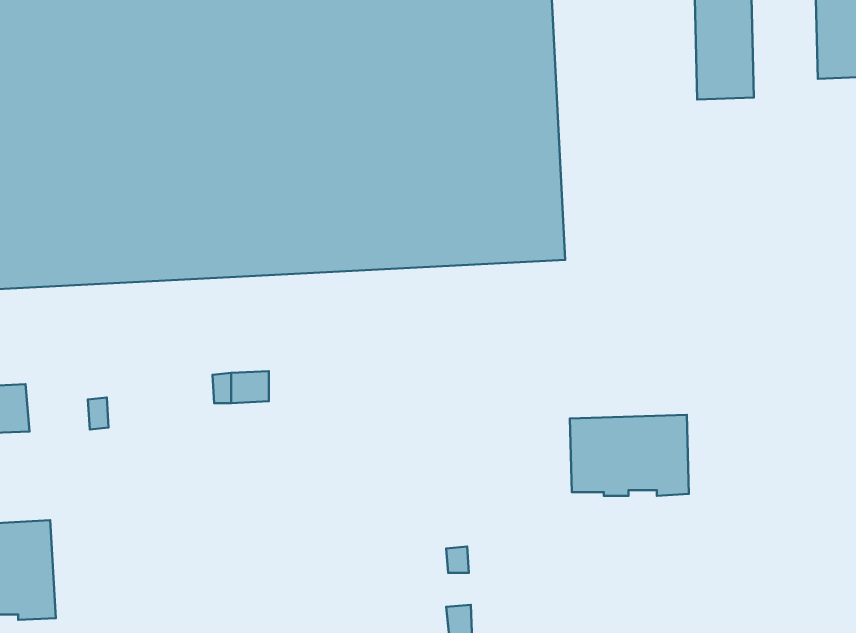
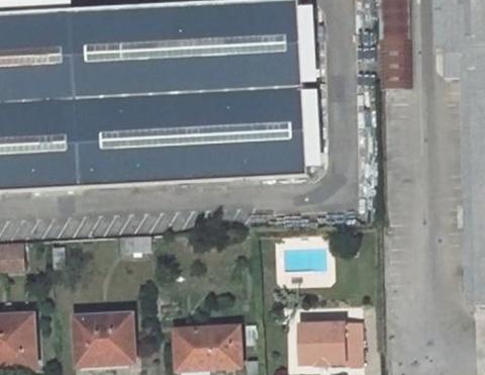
building: [570,415,689,496] -> [300,321,364,365]
building: none -> [77,313,135,365]
building: none -> [177,325,243,367]

